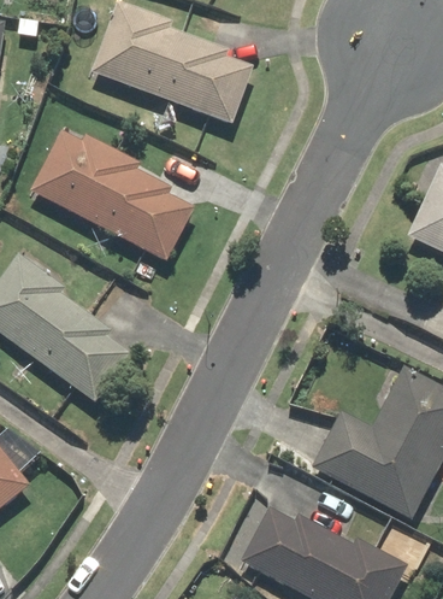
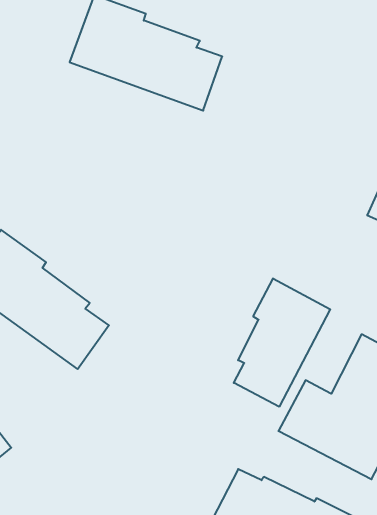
building: [30,129,200,260] -> none
building: none -> [234,278,330,407]

